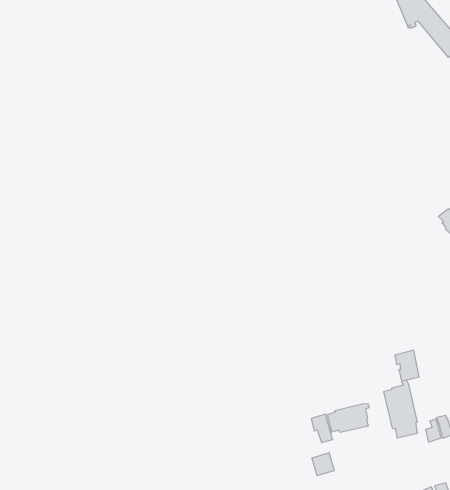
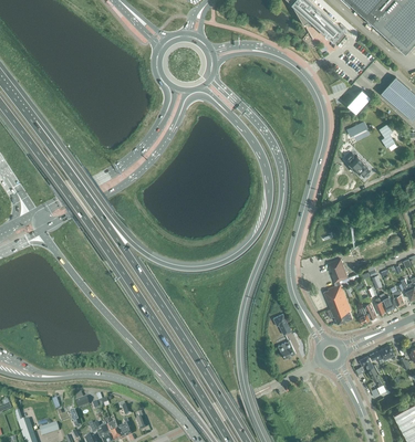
building: [328,404,369,432] -> none

